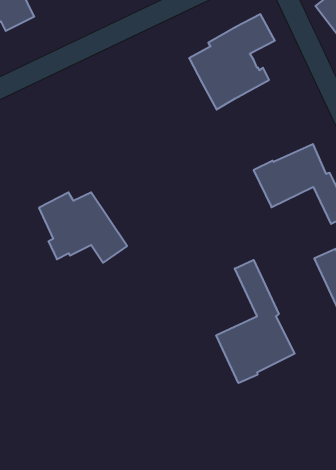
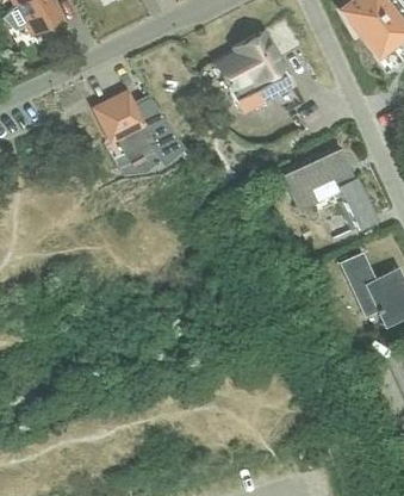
building: [39,192,127,263] -> [97,92,185,162]
building: [216,260,295,383] -> none

